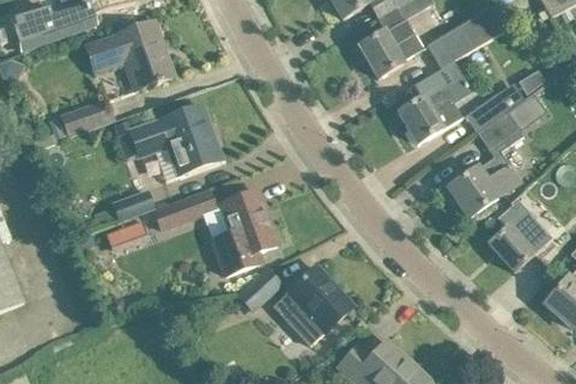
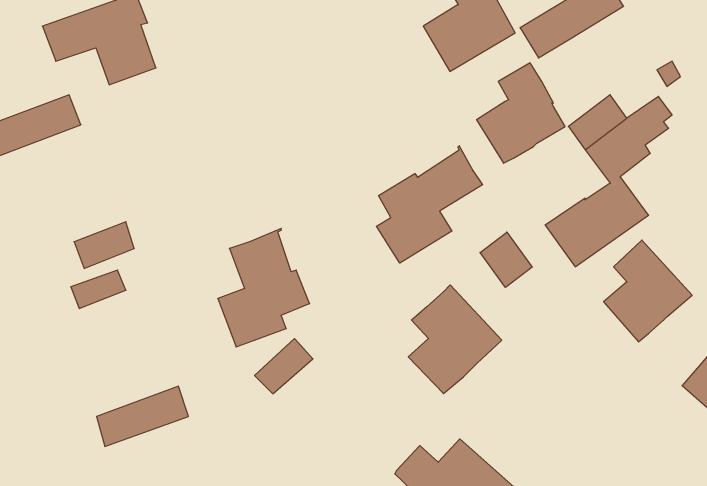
building: [115,105,222,175] -> none
building: none -> [376,146,483,263]
building: [151,185,217,228] -> [97,386,188,446]
building: none -> [480,232,532,287]
building: [285,267,352,345] -> [408,285,502,394]

